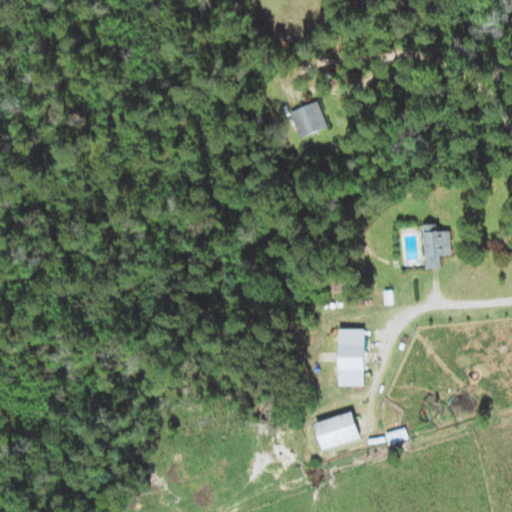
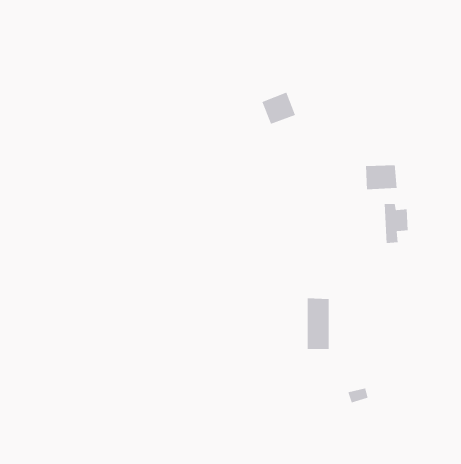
building: none -> [365,164,397,190]
building: [313,411,359,449] -> none

